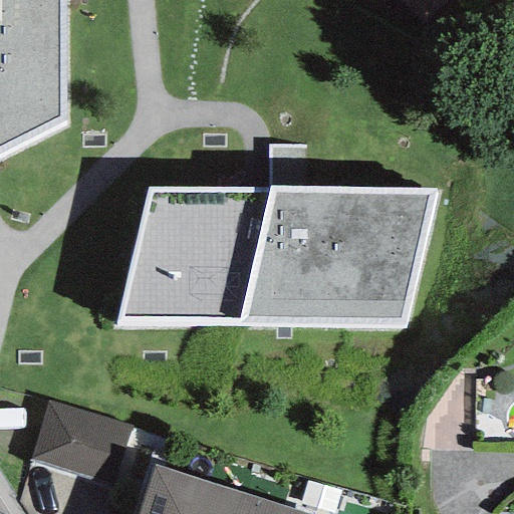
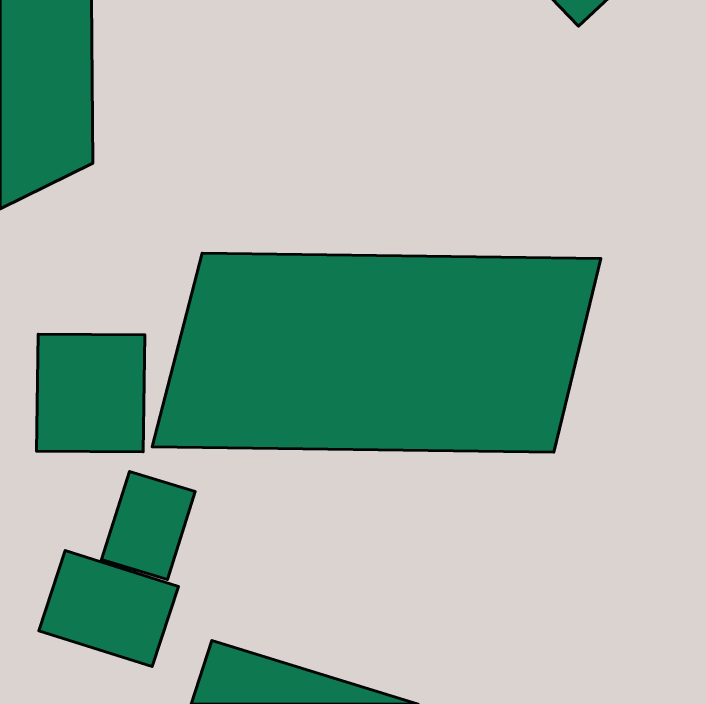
building: none -> [36,334,145,452]
building: none -> [102,471,195,580]

